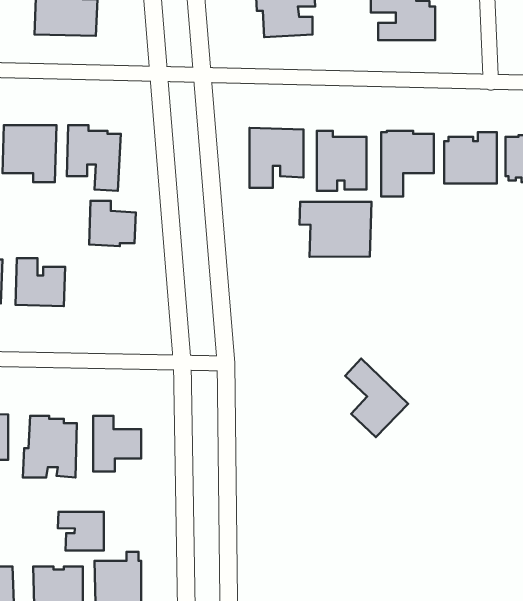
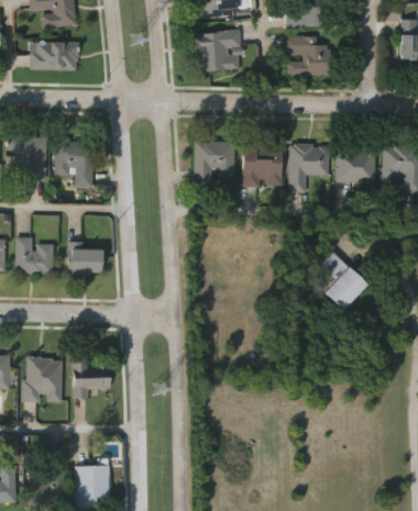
building: [89,201,136,246] -> [66,241,101,275]
building: [299,202,372,257] -> none
building: [345,358,408,437] -> [320,252,367,311]
building: [58,512,104,551] -> none

